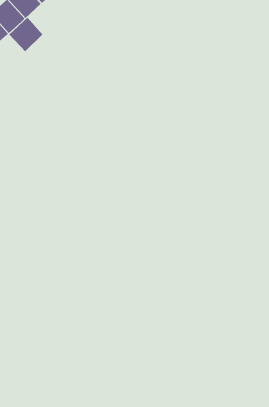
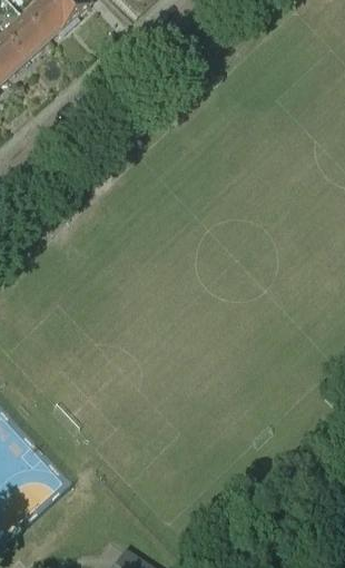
building: [8,17,43,52] -> none

